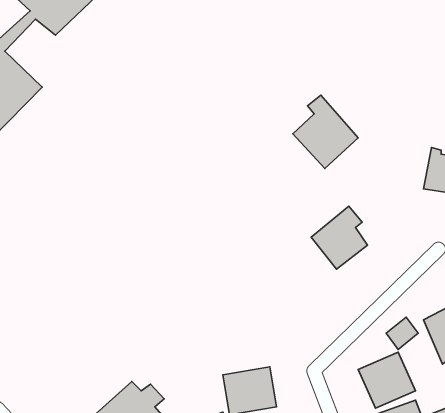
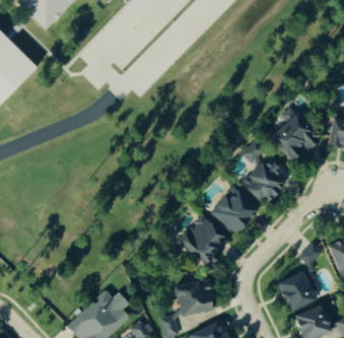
building: [293,95,358,169] -> [269,108,319,163]
building: none -> [211,187,259,234]
building: none -> [175,213,229,268]

